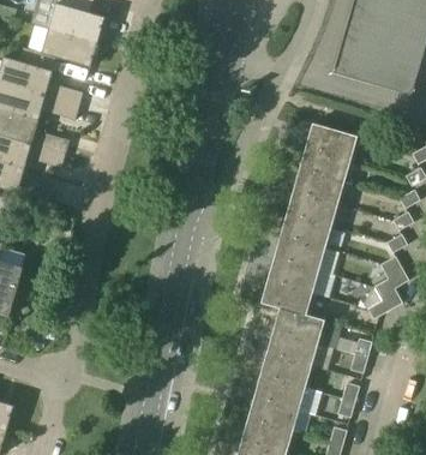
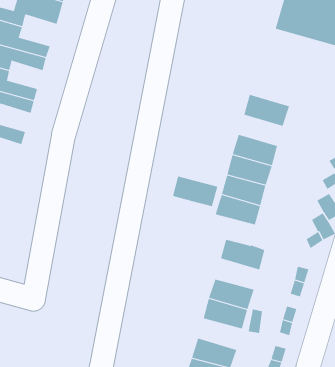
building: [305,122,356,158] -> none
building: [293,168,343,203] -> none
building: [260,280,312,315] -> [172,176,218,207]
building: [266,329,317,364] -> none
building: [247,396,298,431] -> none

